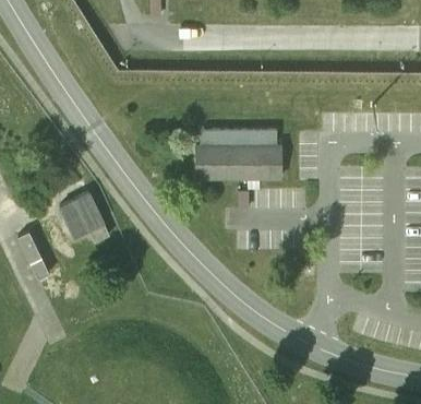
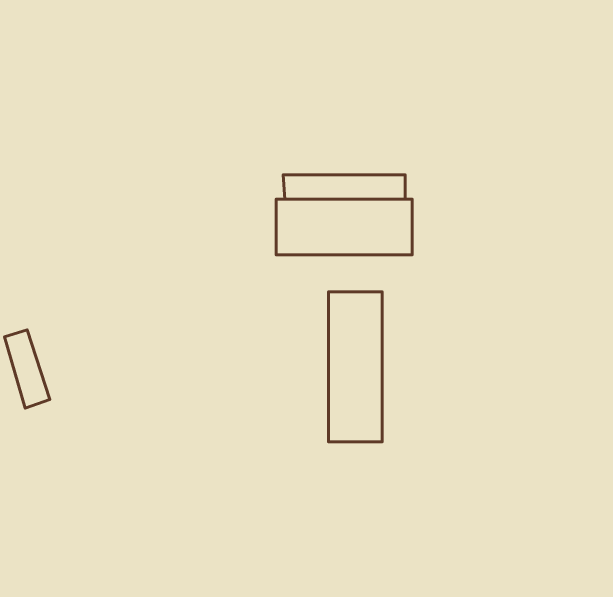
building: [53,195,98,241] -> none
building: none -> [328,292,382,442]

